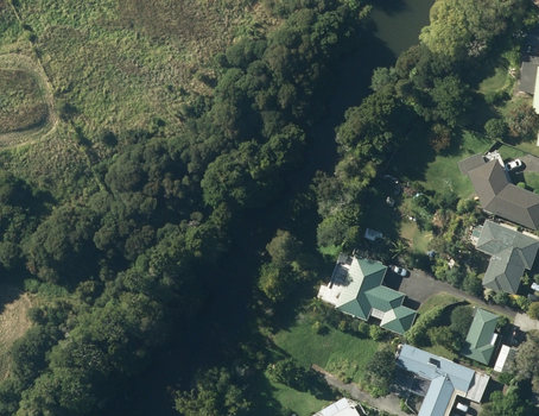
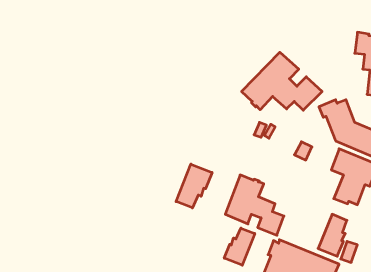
building: none -> [242,52,322,110]
building: none -> [176,164,212,208]
building: none -> [224,228,255,265]

